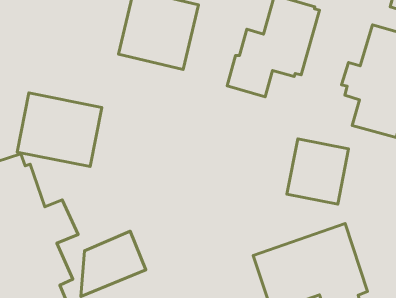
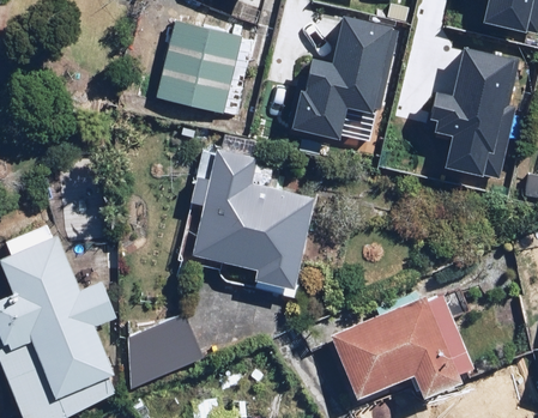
building: none -> [182,137,313,301]
building: [17,93,102,166] -> none
building: [287,139,349,204] -> none

